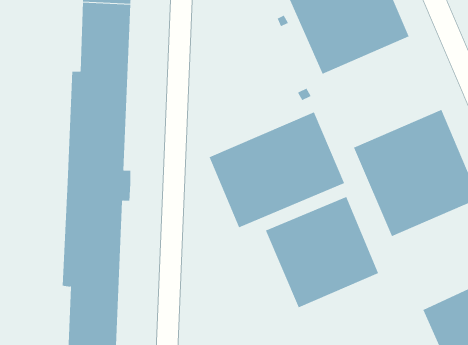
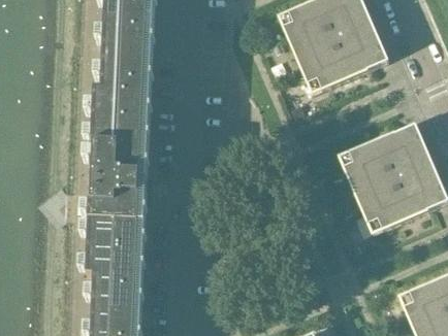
building: [209,111,345,228] -> none
building: [265,196,379,308] -> none

